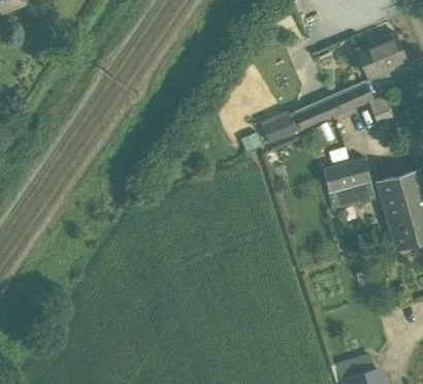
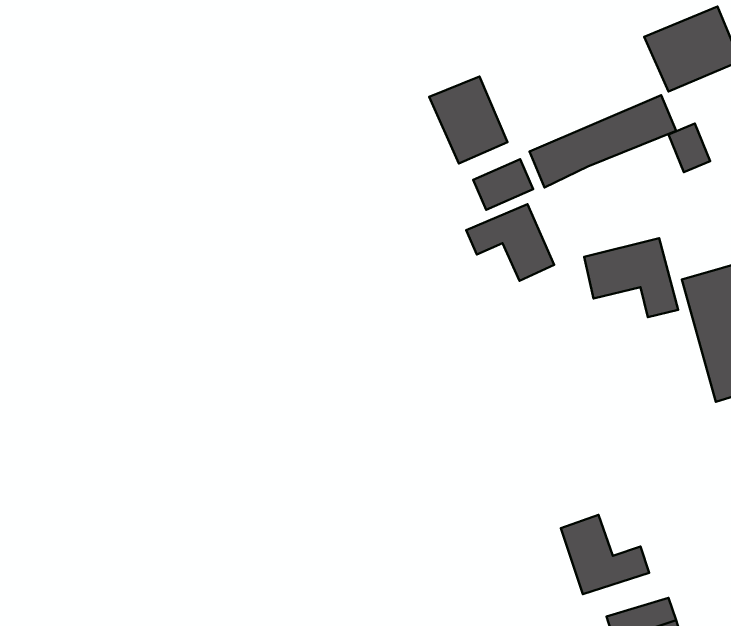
building: none -> [429,77,508,164]
building: none -> [466,204,554,281]
building: none -> [561,515,649,594]

